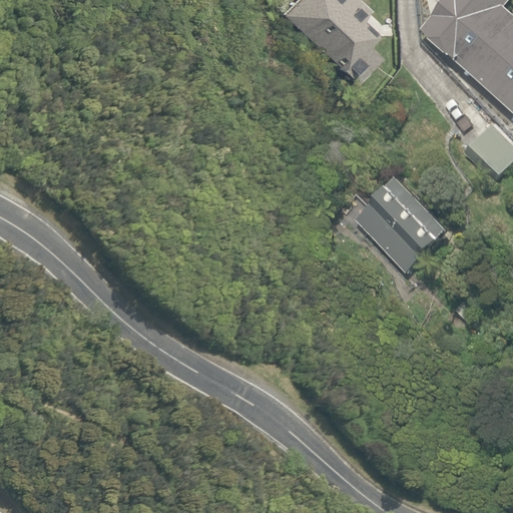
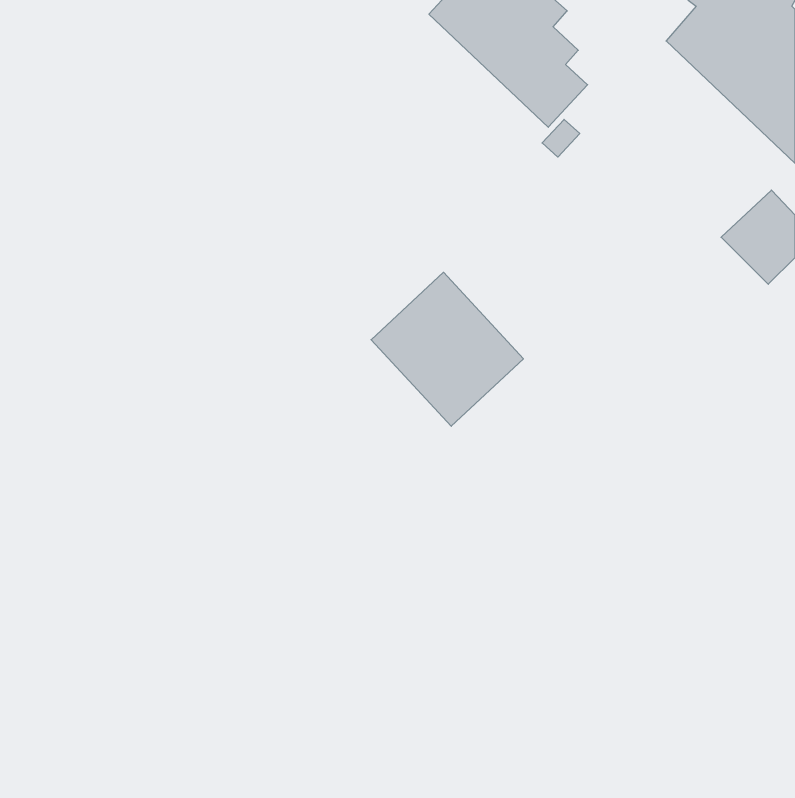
building: [354,172,451,271] -> [371,272,523,426]

